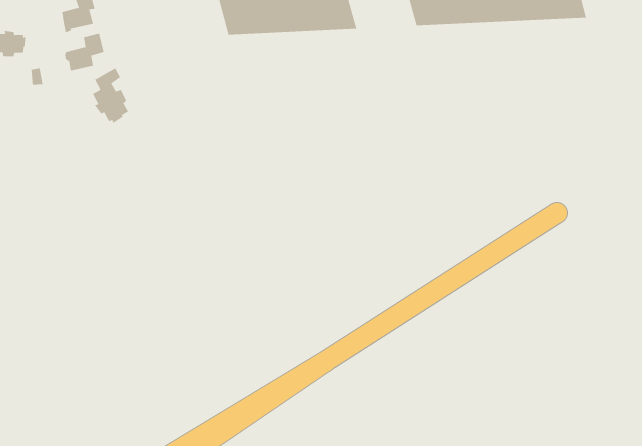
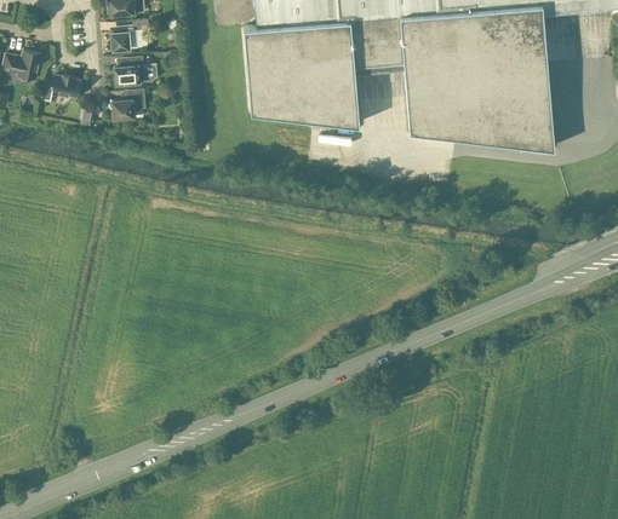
building: [92,68,129,124] -> none

